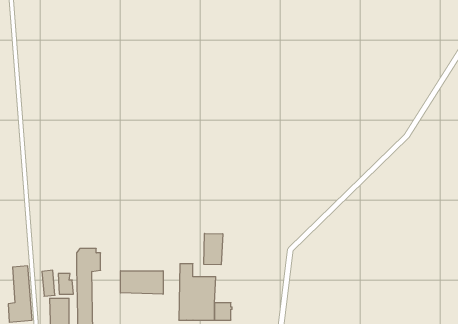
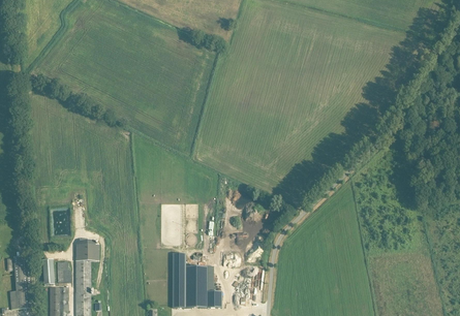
building: [204,233,223,265] -> none
building: [121,271,163,294] -> none

